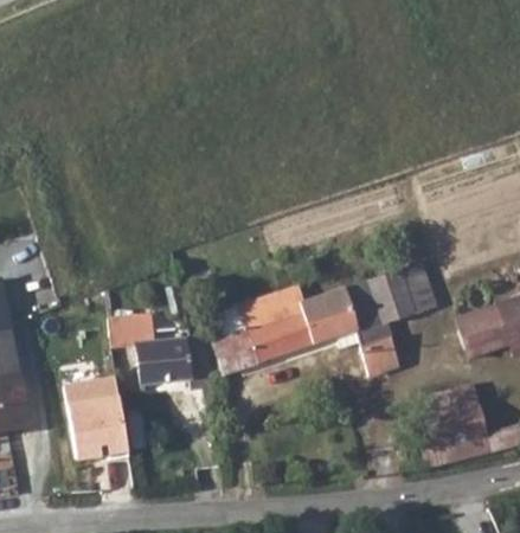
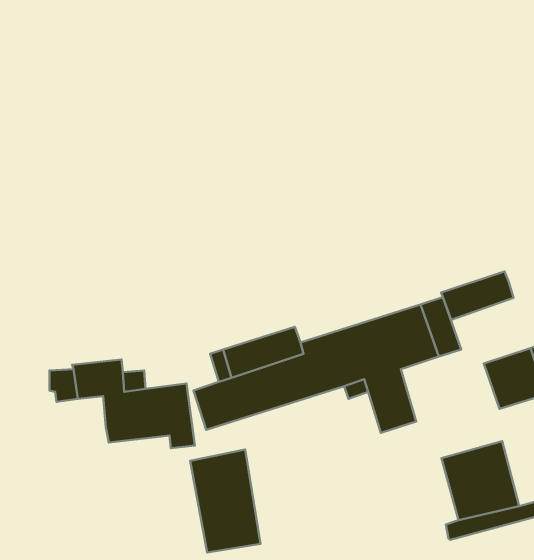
building: none -> [441,272,514,320]
building: [71,375,130,462] -> [190,449,261,552]

